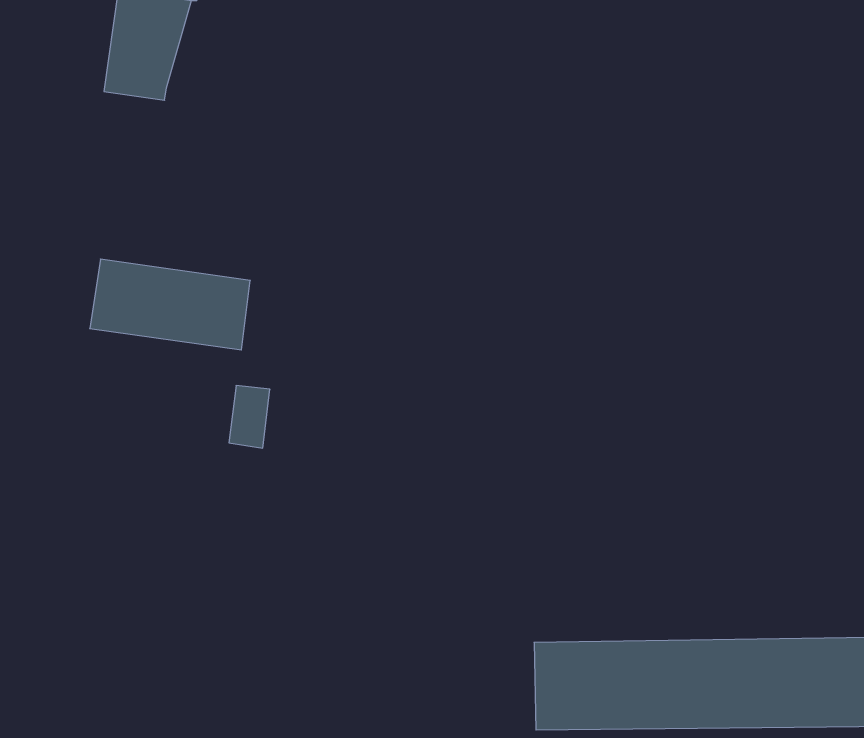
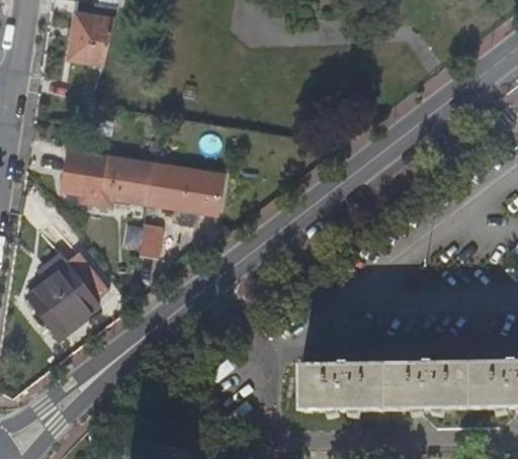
building: none -> [147,161,222,220]
building: none -> [26,253,108,335]

